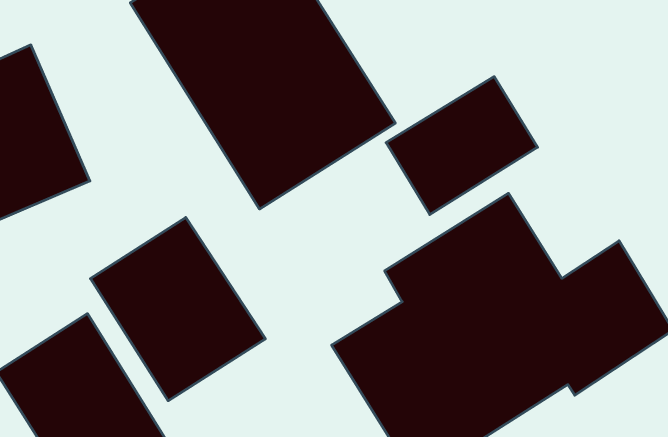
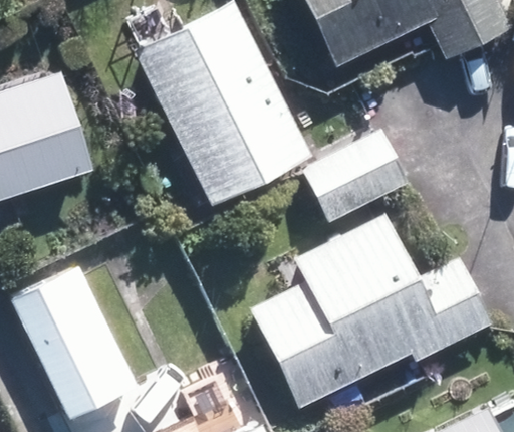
building: [90,217,265,401] -> none

